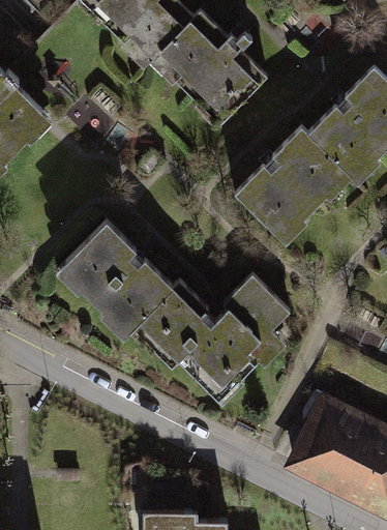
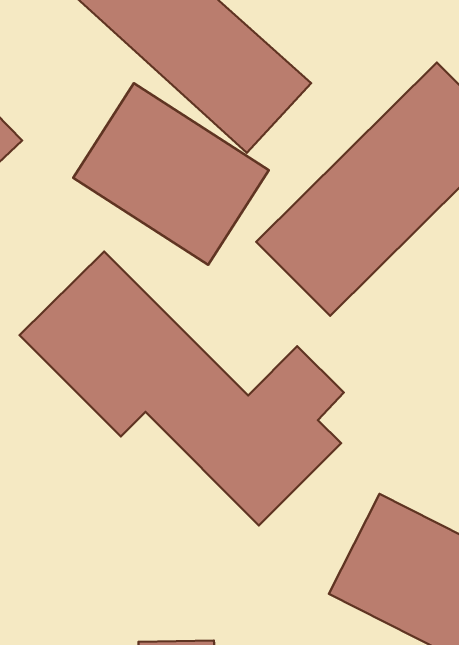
building: none -> [73,83,269,265]

